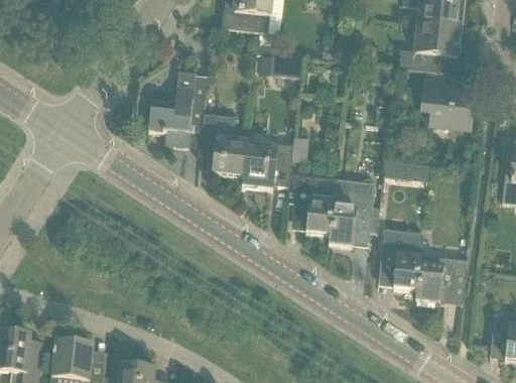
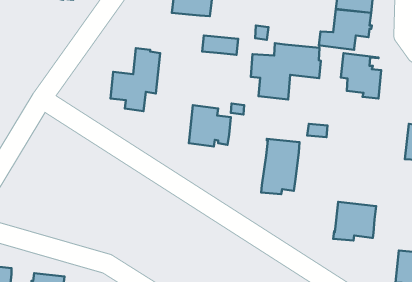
building: none -> [251,43,321,100]
building: [201,114,247,177] -> none
building: [287,174,337,235] -> none
building: [378,229,423,291] -> none

